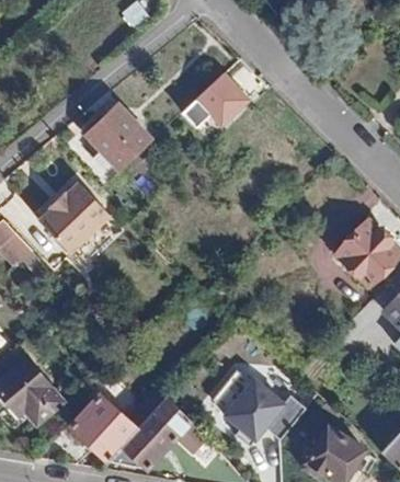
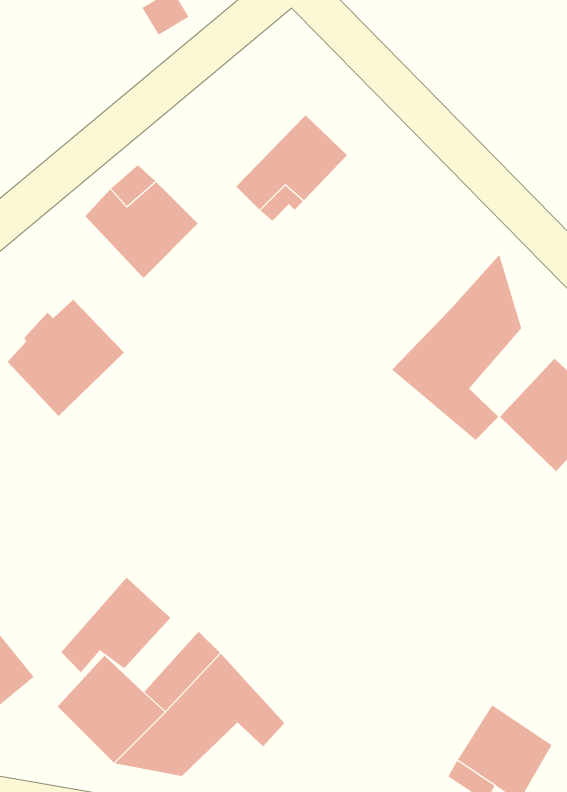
building: none -> [391,254,522,441]
building: none -> [60,577,171,673]
building: [213,367,310,443] -> none

